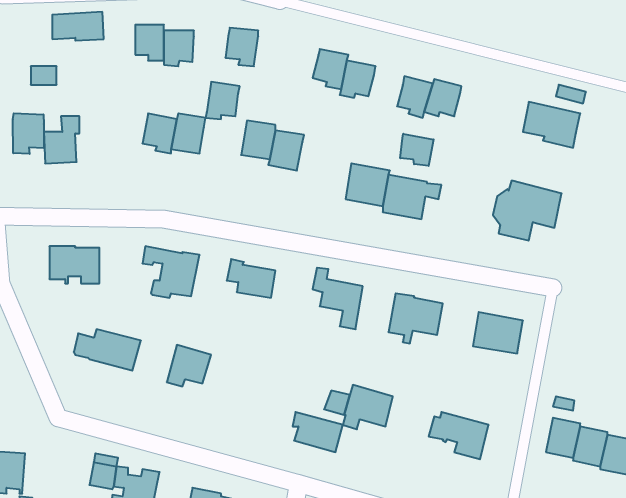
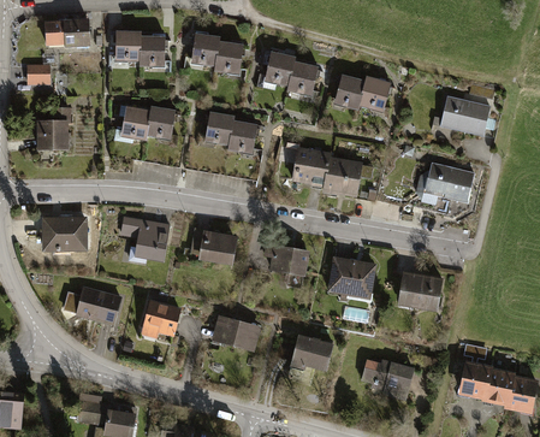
building: [205,82,240,119] -> [214,41,243,72]
building: [13,113,44,154] -> none
building: [400,134,434,166] -> none
building: [293,412,343,452] -> [216,315,259,349]

